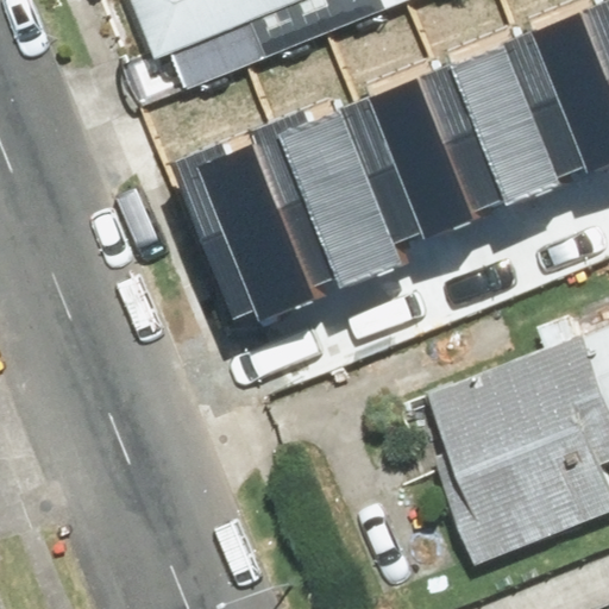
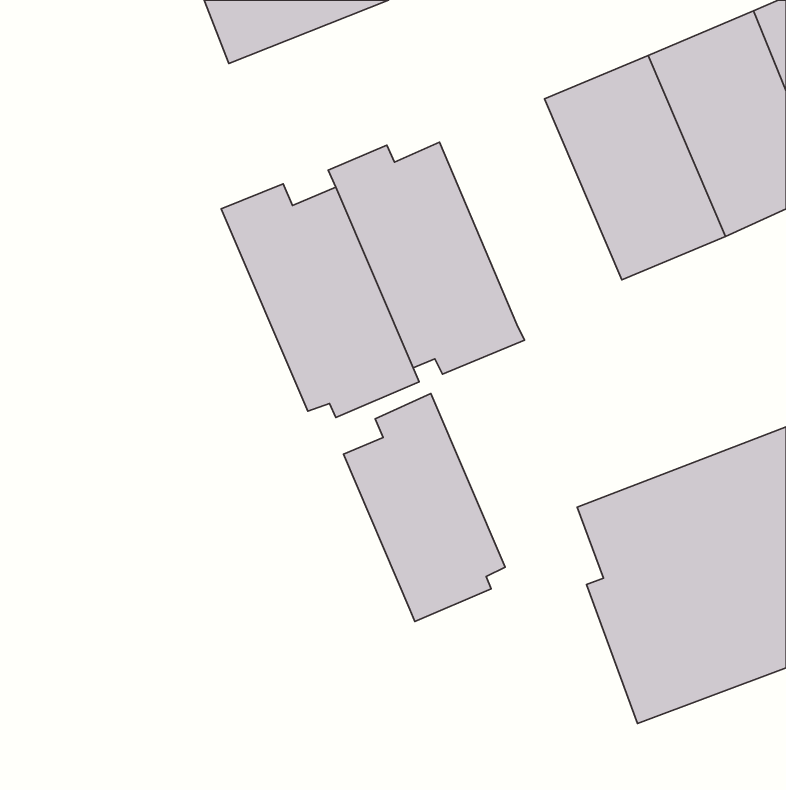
building: [338,76,478,250] -> none
building: none -> [343,394,505,621]

